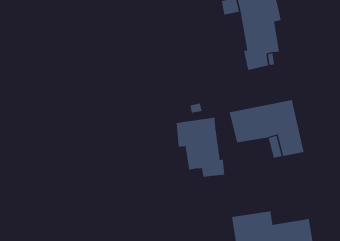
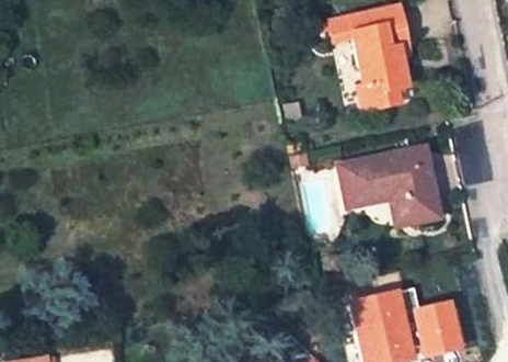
building: [176,117,225,178] -> none

